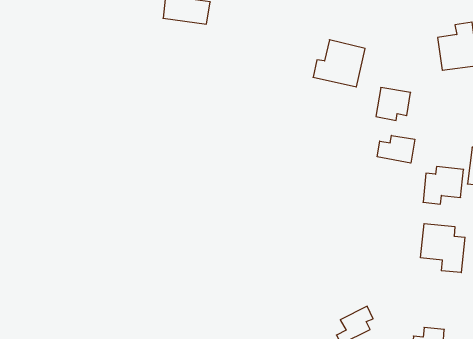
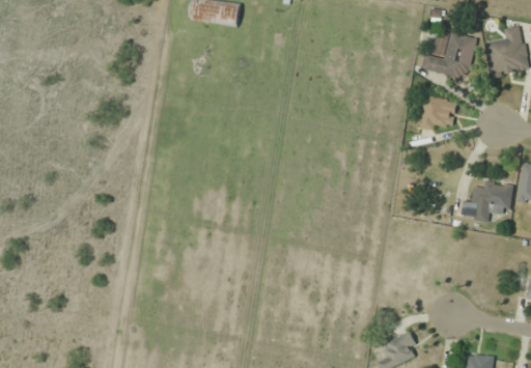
building: [313,40,365,87] -> [421,28,477,79]
building: [377,135,415,163] -> none
building: [421,224,465,273] -> none

